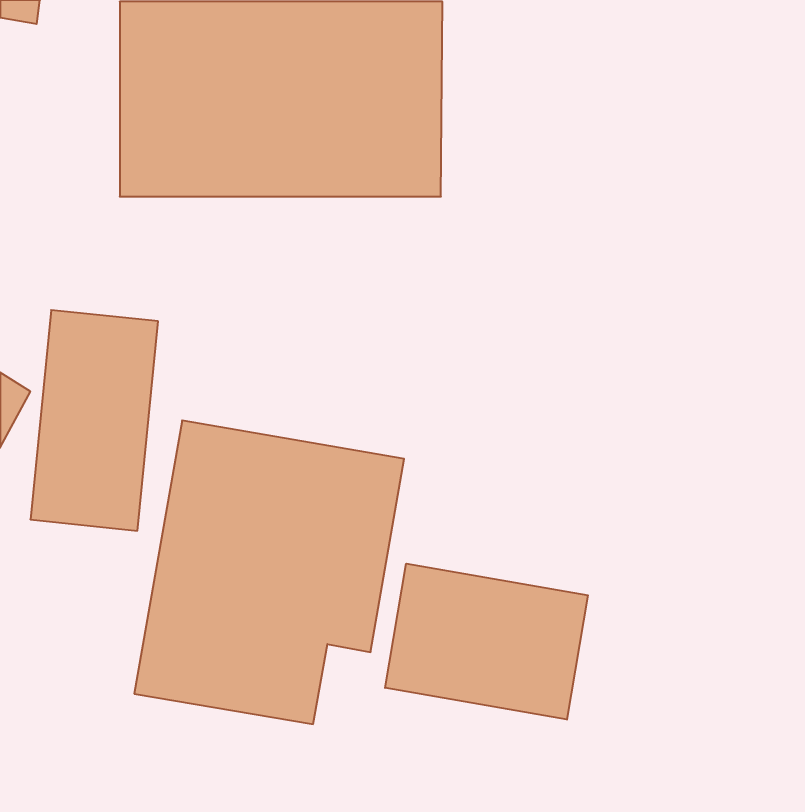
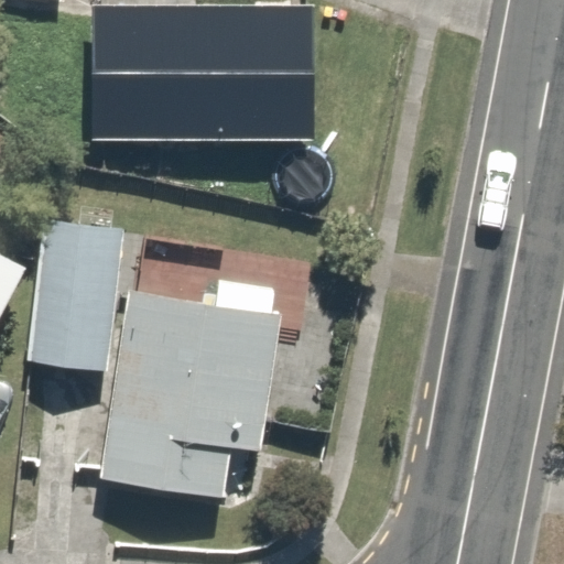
building: [385,564,588,720] -> none

